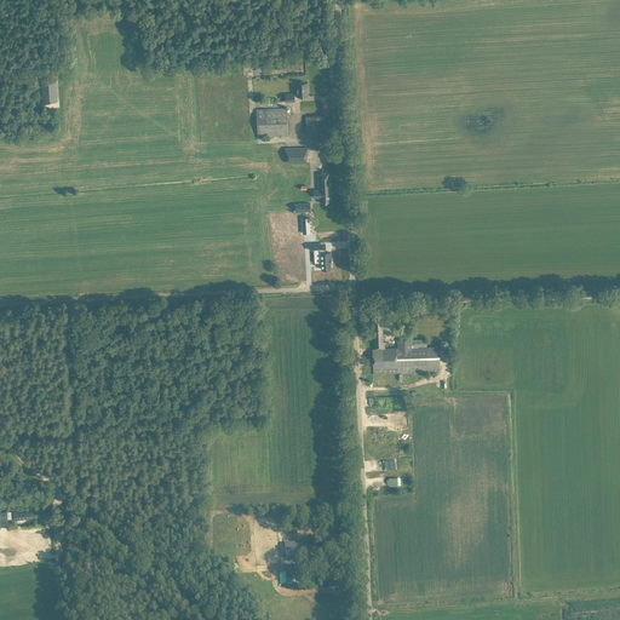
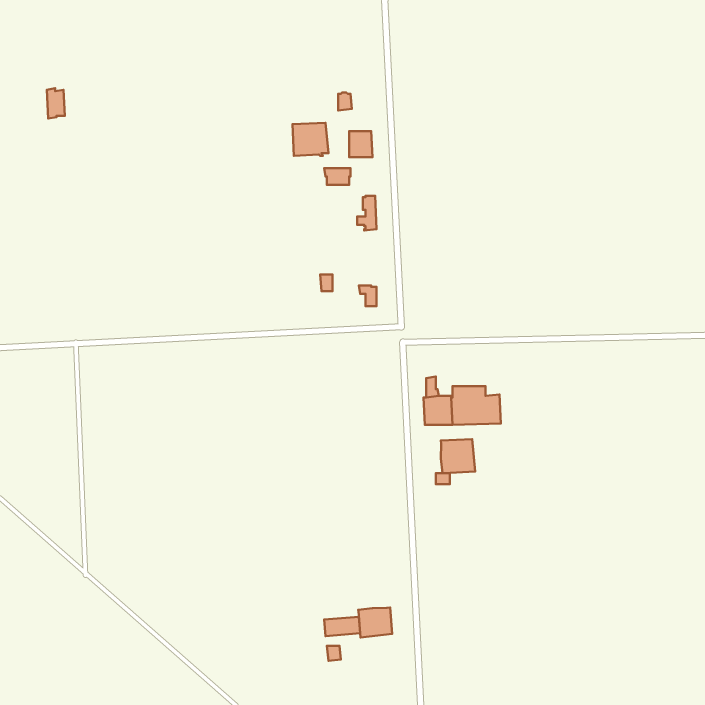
building: none -> [441,439,475,473]
building: none -> [358,607,392,638]

